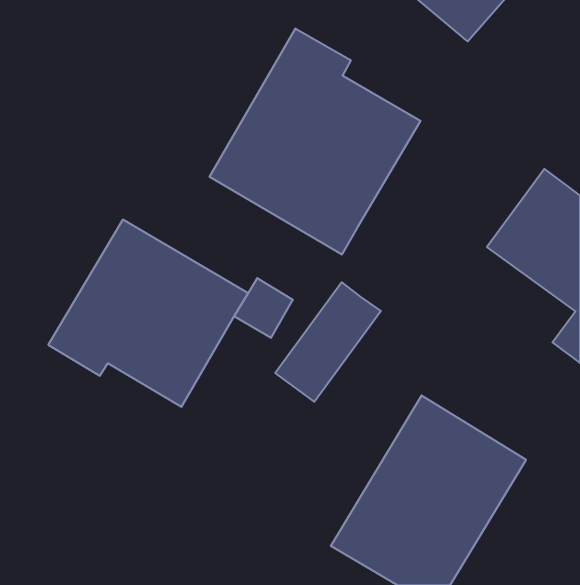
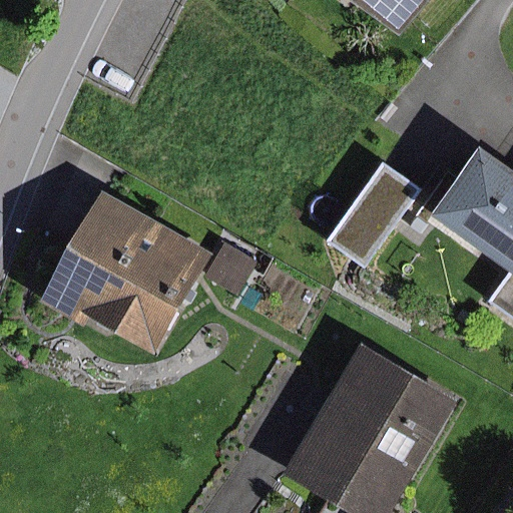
building: [210,28,420,255] -> none
building: [275,282,381,402] -> [321,163,413,268]

